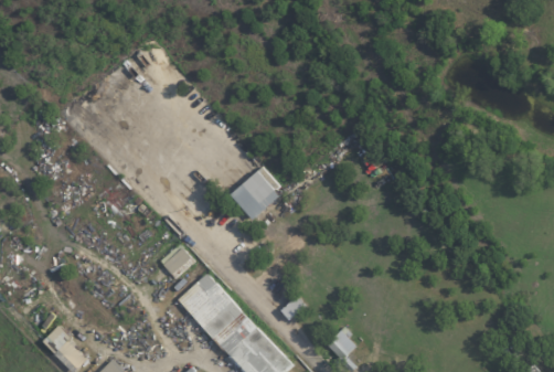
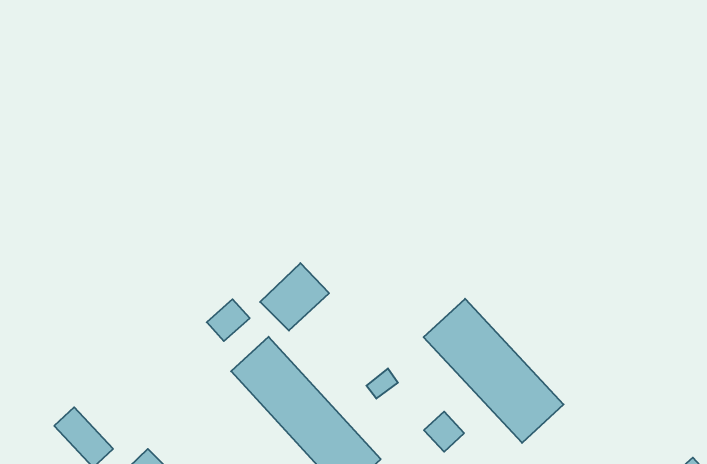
building: [231,167,284,219] -> [260,263,329,331]
building: none -> [424,299,564,443]

